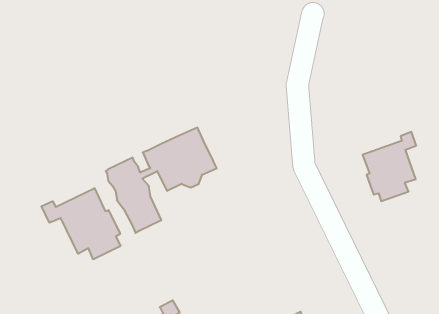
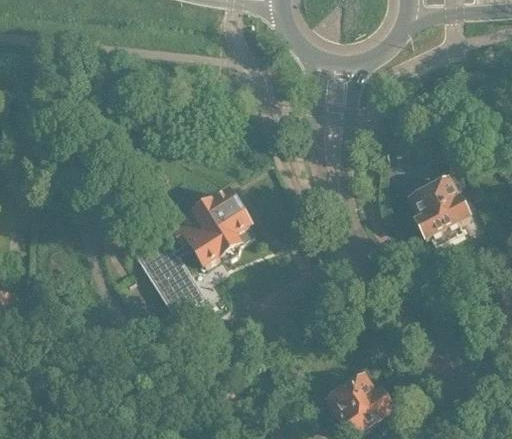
building: [42,188,120,259] -> none

